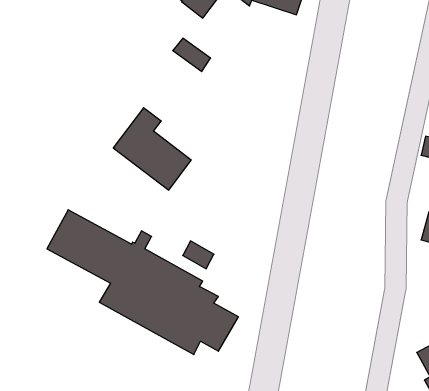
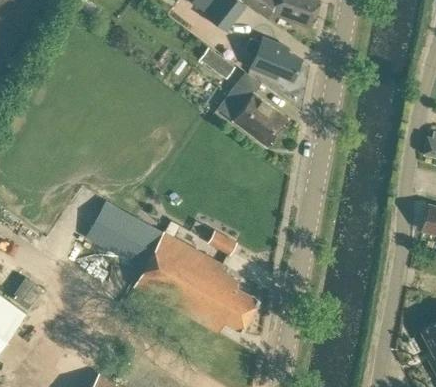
building: none -> [245,38,301,81]
building: [113,108,191,190] -> [218,72,288,146]

